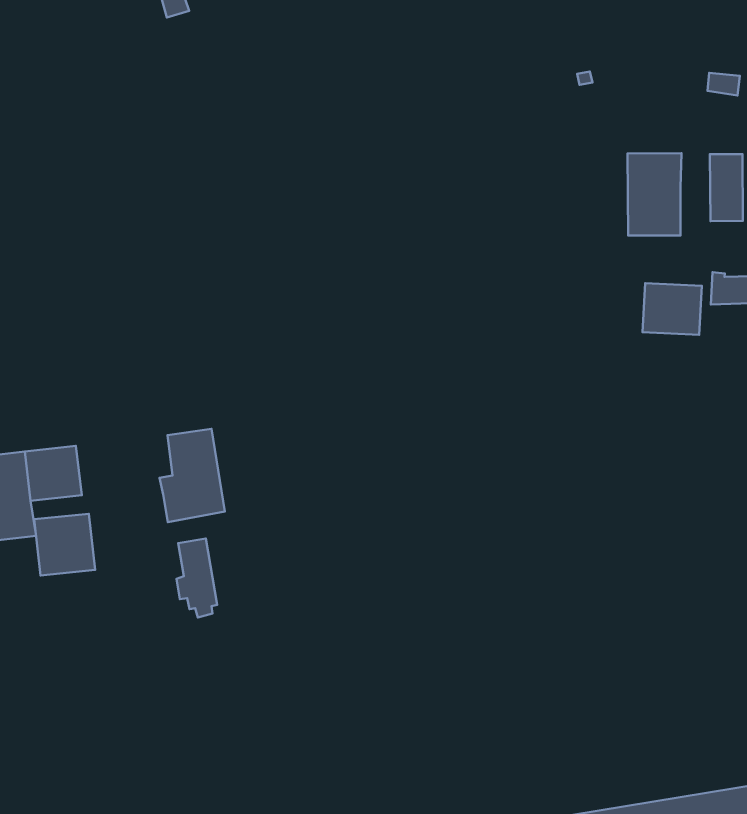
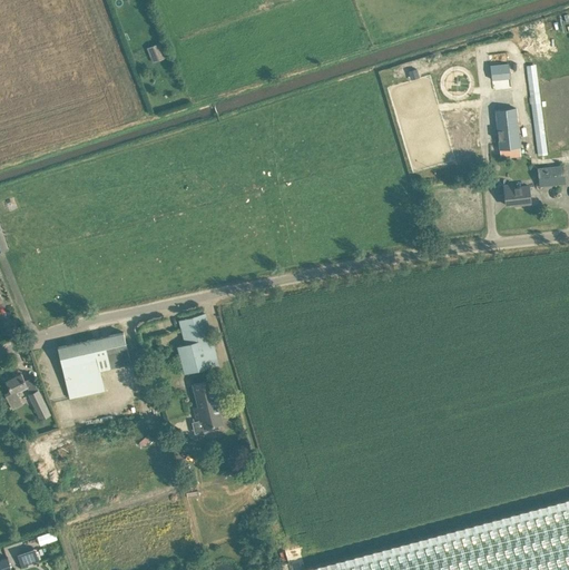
building: [628,153,682,236] -> none
building: [643,283,702,335] -> none
building: [34,514,95,575] -> none

